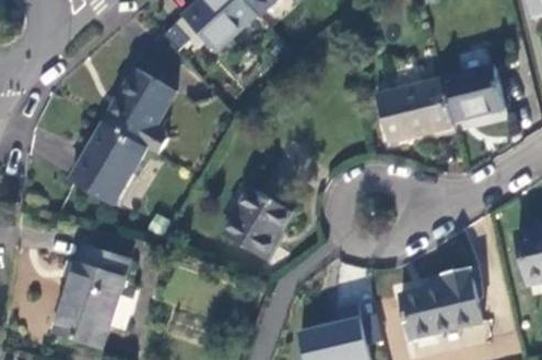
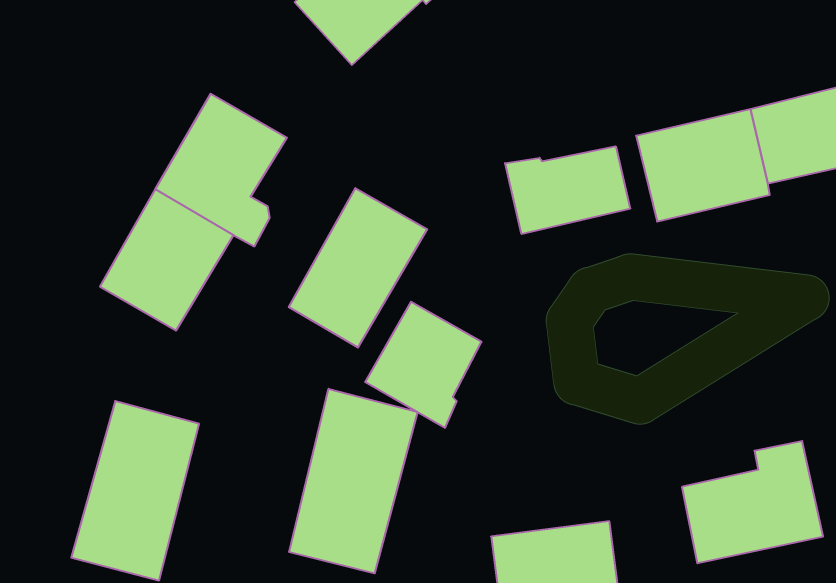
building: none -> [505,146,630,234]
building: none -> [289,188,427,348]
building: none -> [289,389,418,573]

